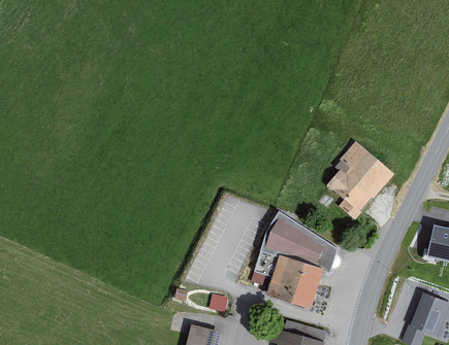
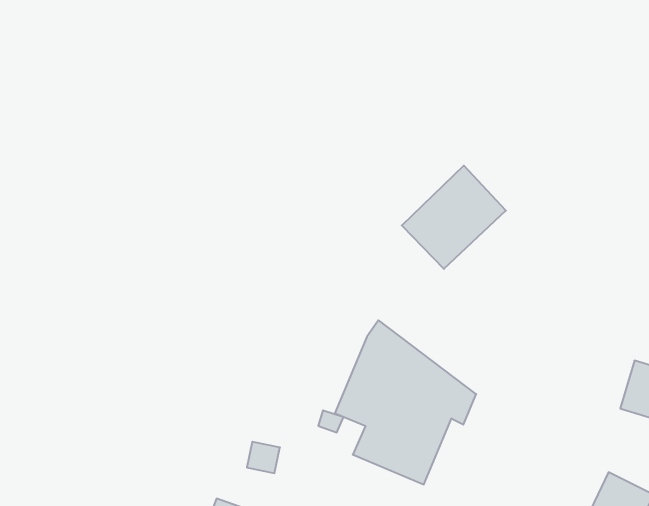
building: [326,144,387,206] -> [402,166,506,269]

